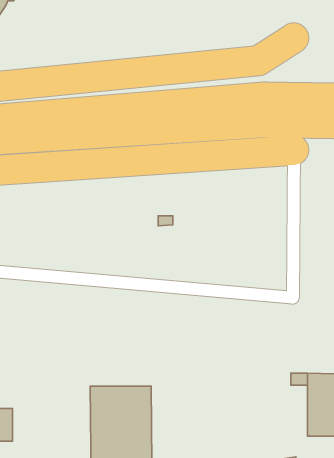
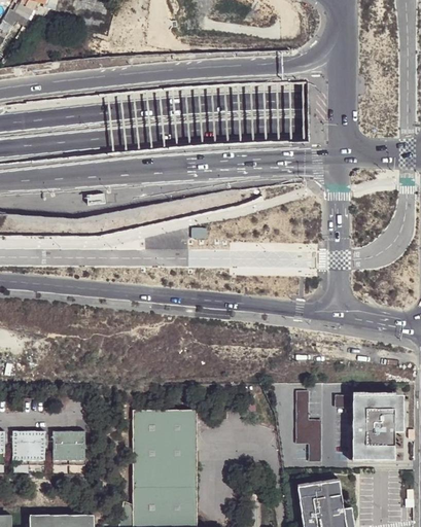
building: none -> [297,390,322,460]
building: none -> [52,429,85,464]

